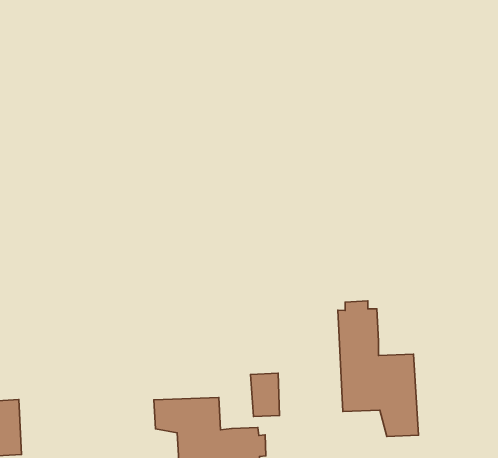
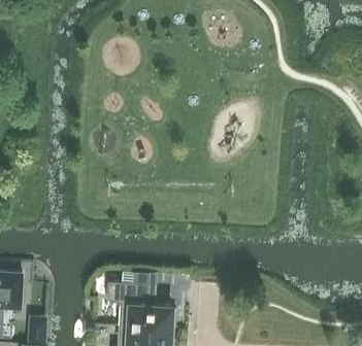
building: [338,301,419,436] -> none

